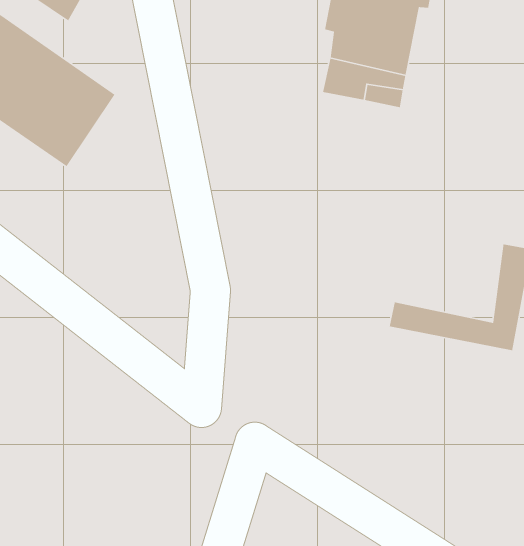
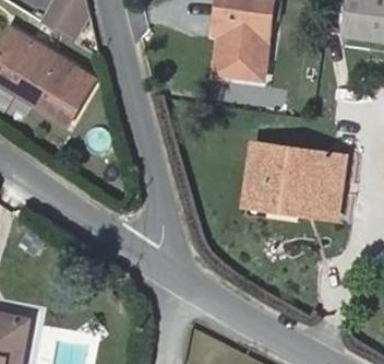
building: none -> [245,144,329,208]

